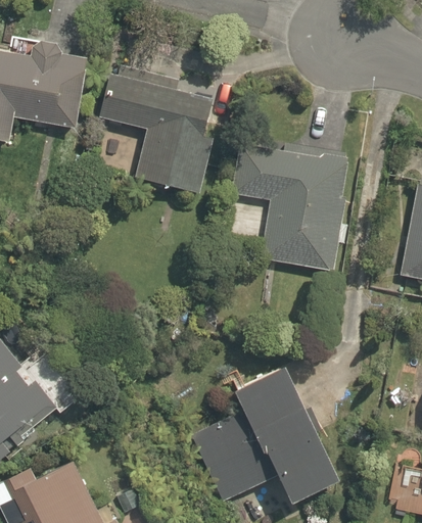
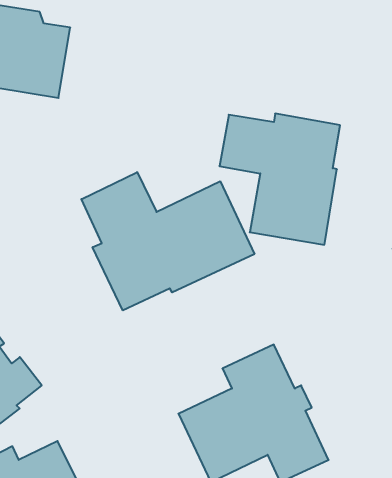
building: [98,66,214,194] -> none
building: none -> [81,172,254,310]

